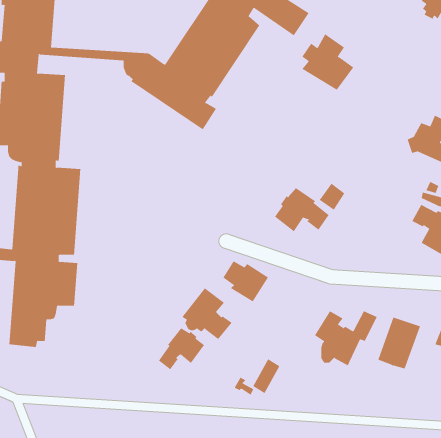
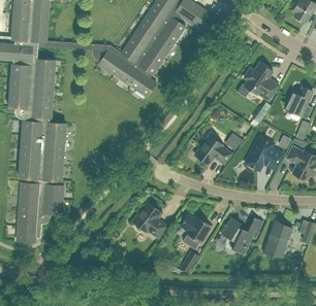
building: [302,34,354,91] -> [244,62,279,100]
building: none -> [245,136,283,171]
building: [222,261,269,302] -> [180,214,211,242]
building: [158,327,205,370] -> none

